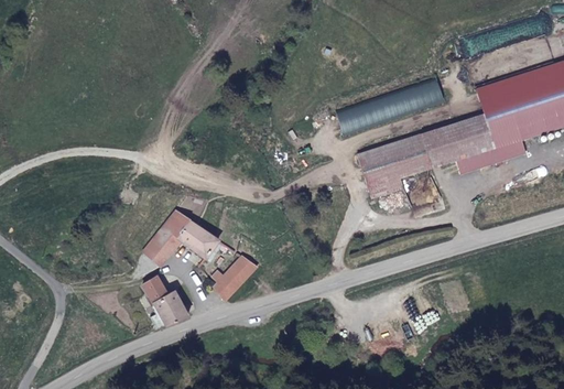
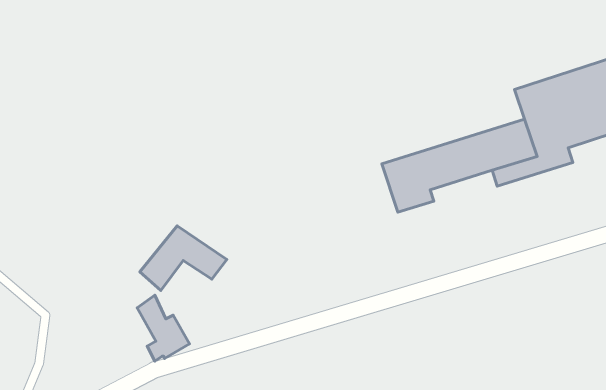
building: [336,77,445,134] -> none
building: [214,255,258,298] -> none

